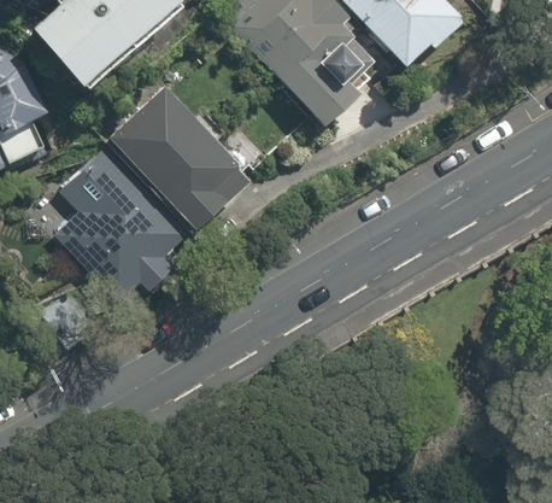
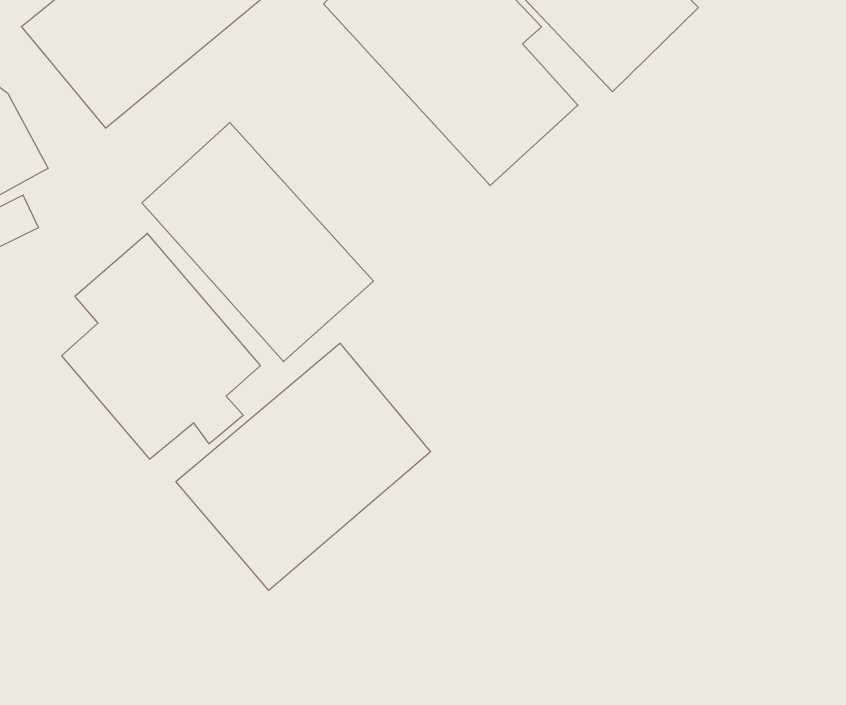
building: none -> [176,343,431,590]

